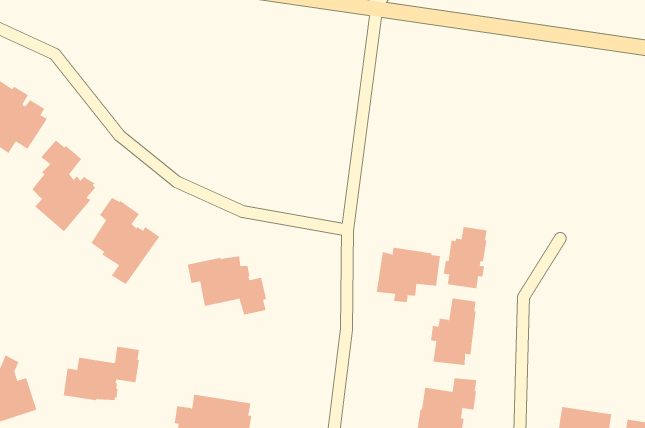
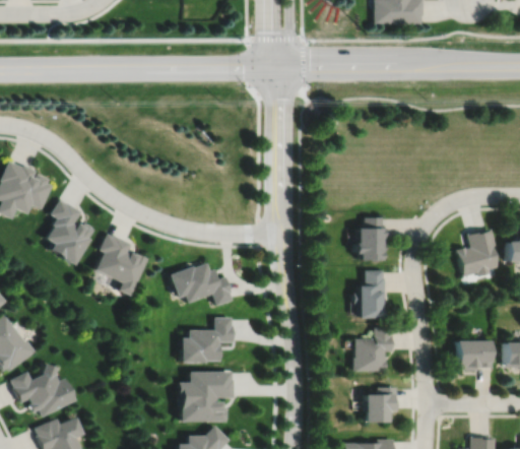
building: [376,247,441,303] -> none
building: none -> [457,230,500,277]
building: [63,346,140,401] -> [181,319,233,361]

